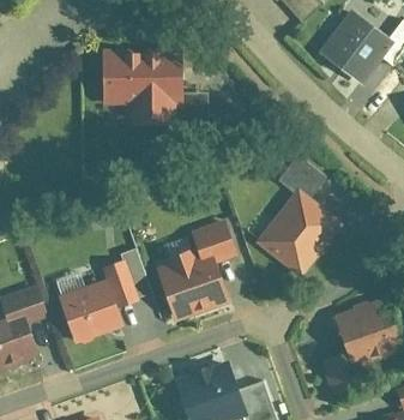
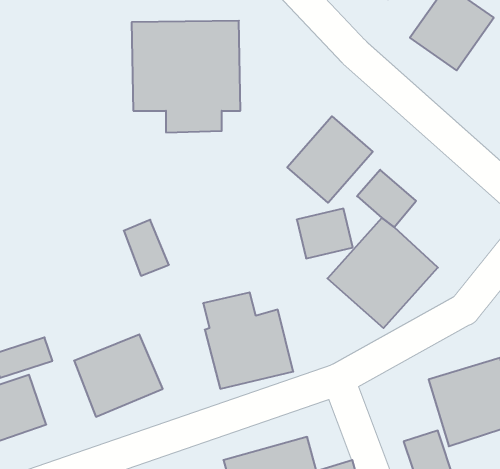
building: none -> [287,116,373,203]
building: [194,217,237,256] -> [297,209,353,258]
building: [108,254,143,298] -> [124,220,169,276]

